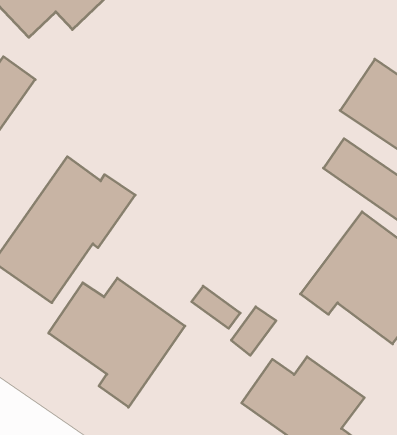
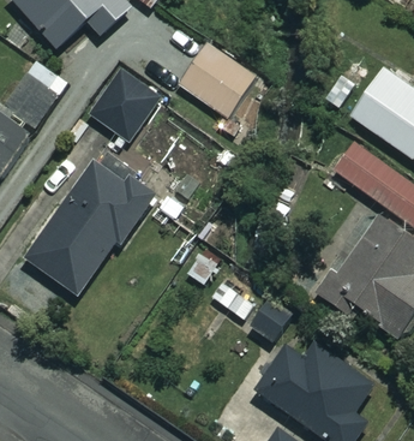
building: none -> [178,42,257,118]
building: none -> [89,67,161,141]
building: [49,278,185,407] -> none

